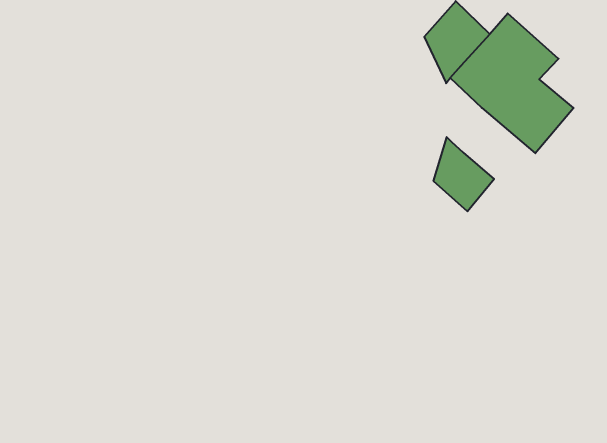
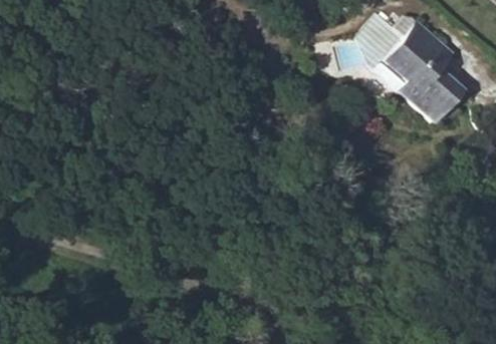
building: [434,137,494,211] -> none

